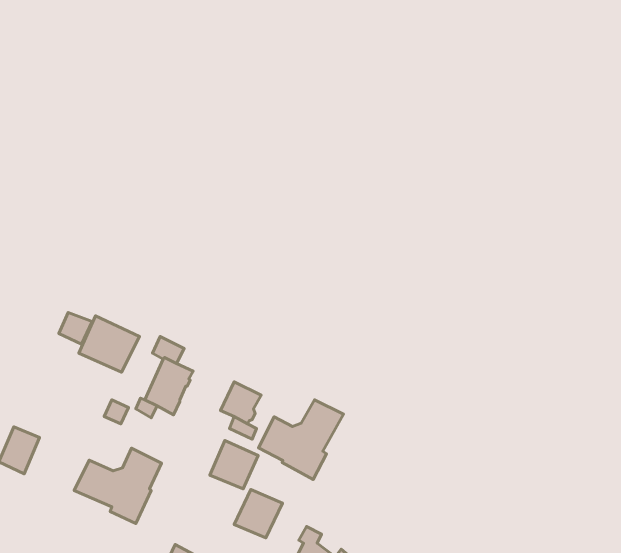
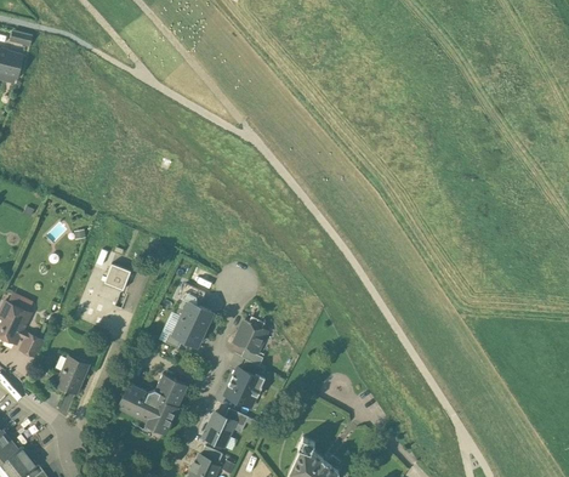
building: [79,316,139,372] -> none
building: [259,400,344,480] -> none
building: [234,490,283,538] -> [200,409,239,448]

